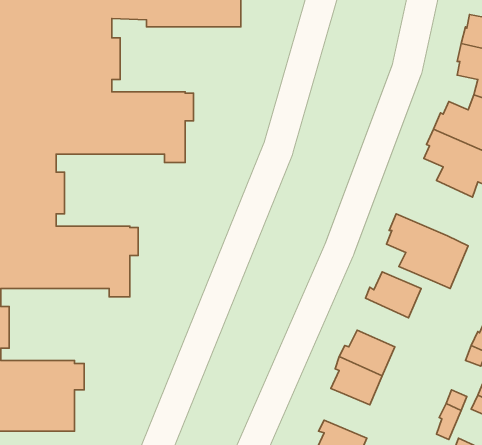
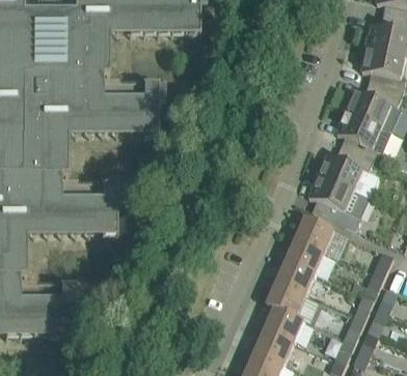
building: none -> [316,148,373,190]
building: none -> [287,236,325,272]
building: none -> [262,307,303,341]

